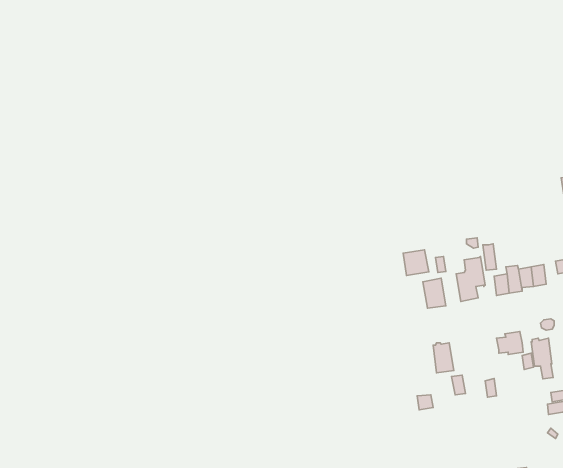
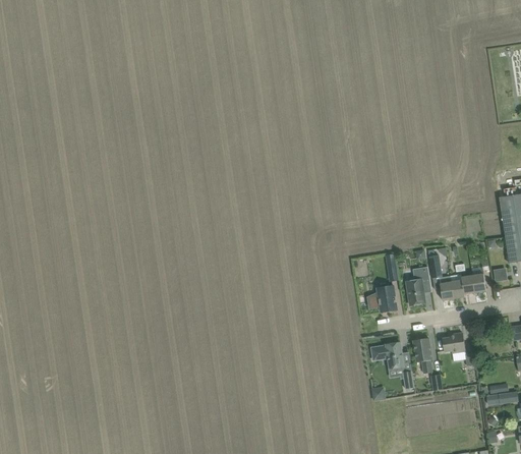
building: [403,250,429,276] -> none
building: [531,338,553,379] -> [413,337,432,373]

